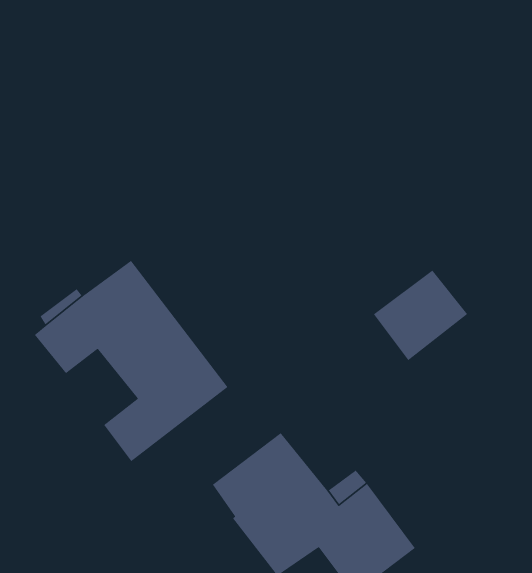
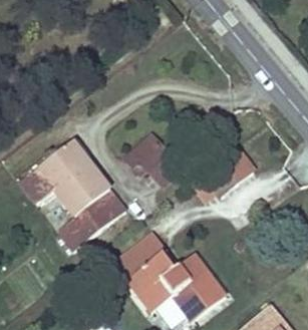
building: none -> [126,134,180,187]

